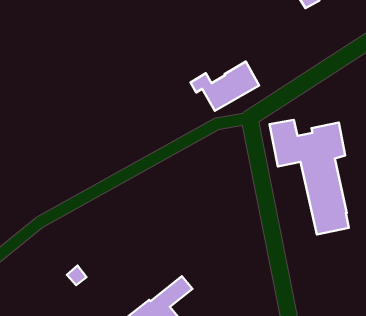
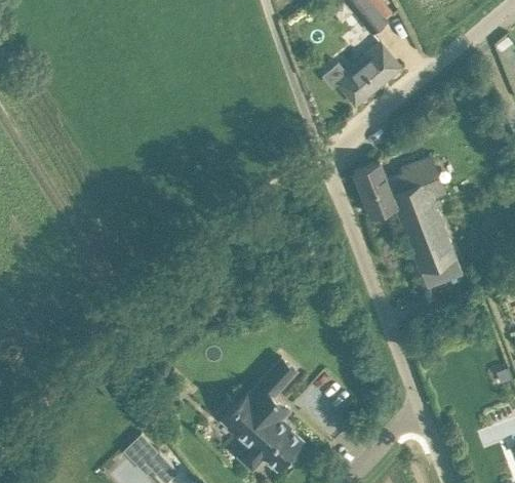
building: [191,61,259,111] -> [323,44,401,106]

